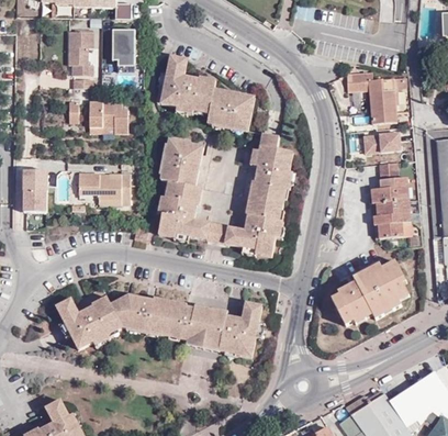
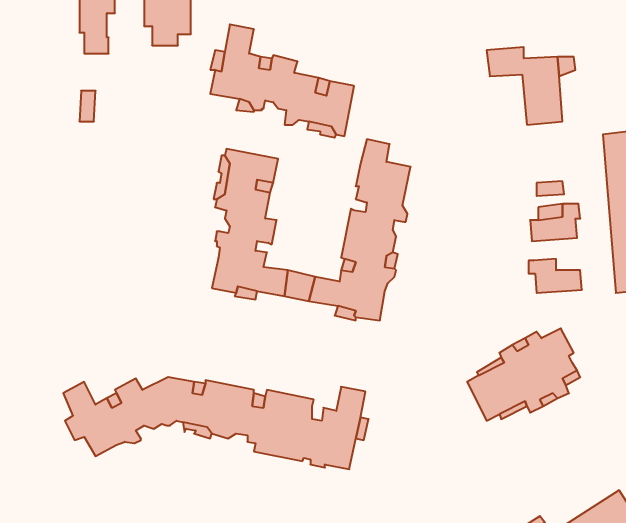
building: [89,100,127,132] -> none
building: [363,132,401,152] -> none
building: [24,169,47,211] -> none
building: [78,172,130,203] -> none
building: [376,200,412,222] -> none

